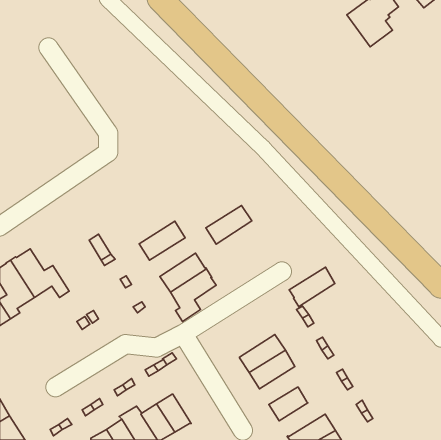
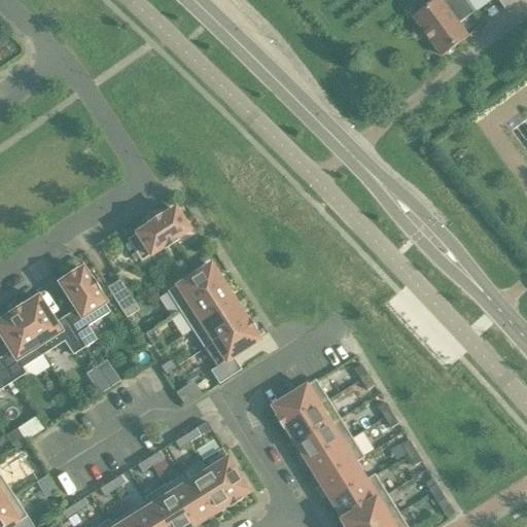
building: none -> [125,208,186,260]
building: [206,205,252,244] -> [178,283,233,329]
building: none -> [57,268,108,347]
building: [289,267,335,308] -> [273,379,327,427]
building: none -> [309,436,363,482]
building: none -> [199,448,246,504]
building: none -> [332,473,387,520]

